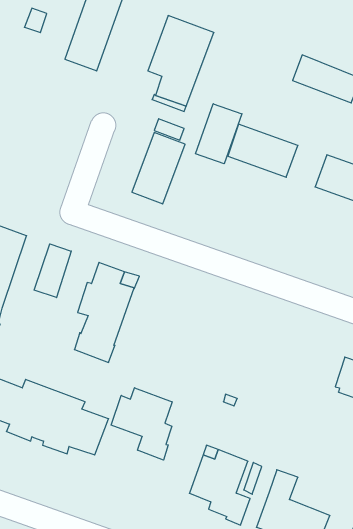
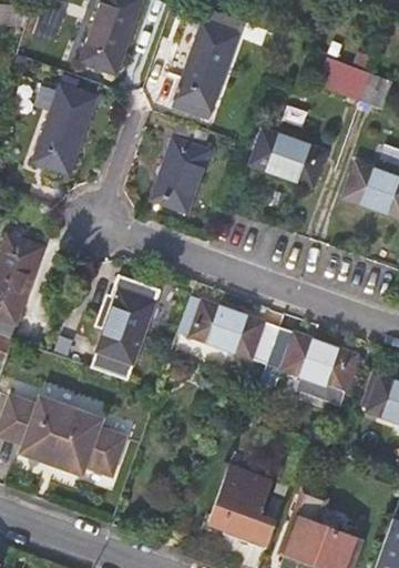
building: none -> [33,87,94,175]
building: [195,104,242,164] -> none
building: [34,244,71,298] -> none
building: none -> [177,296,361,403]
building: [111,388,172,460] -> none

